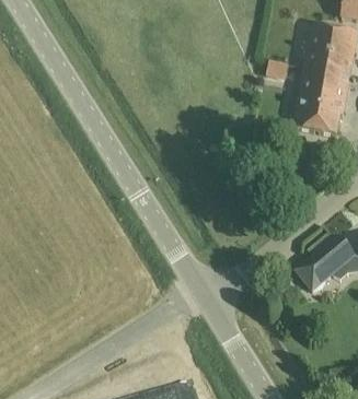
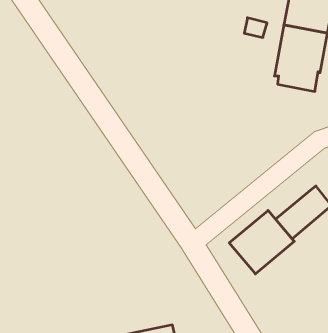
building: none -> [229,210,294,274]

